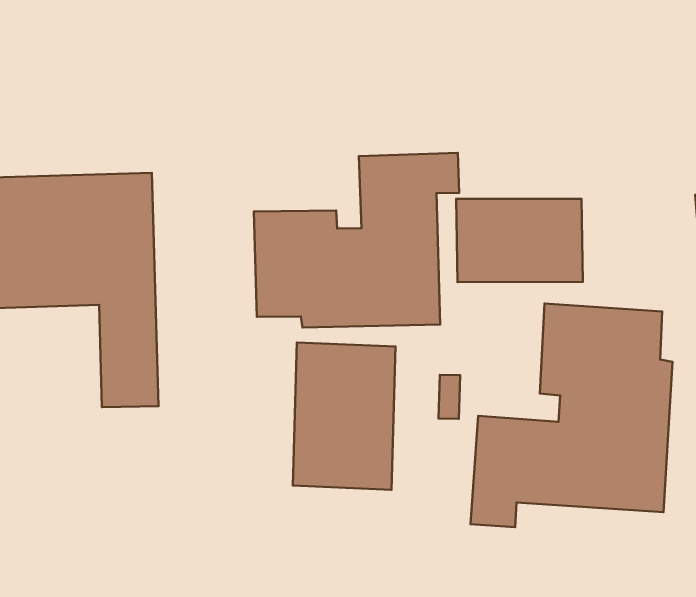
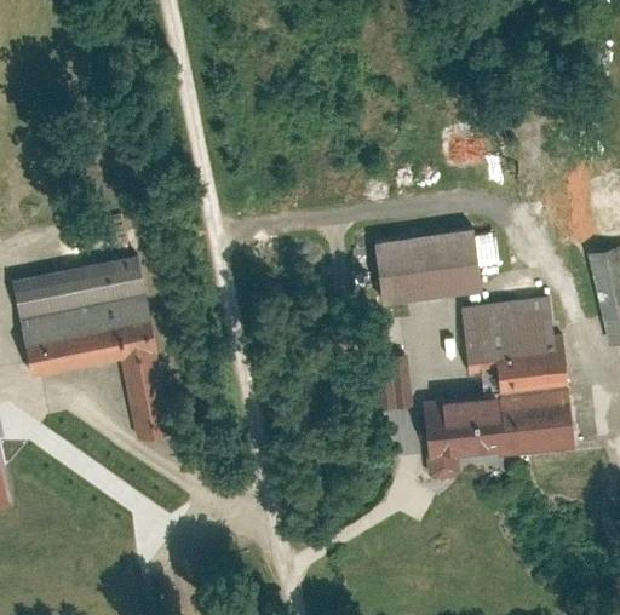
building: [254,153,459,327] -> none
building: [293,342,396,490] -> none

